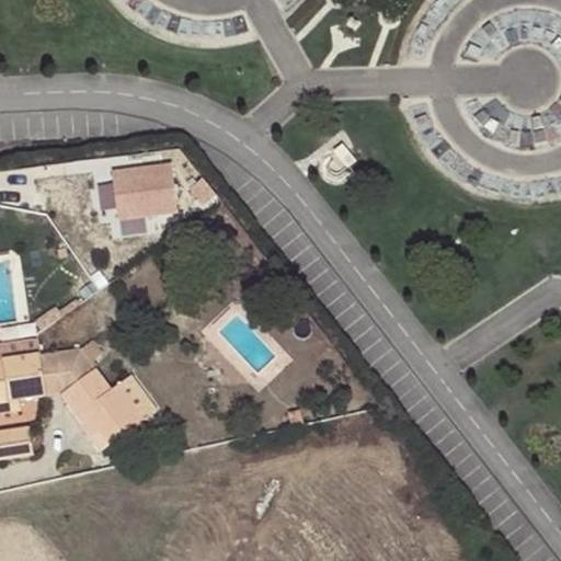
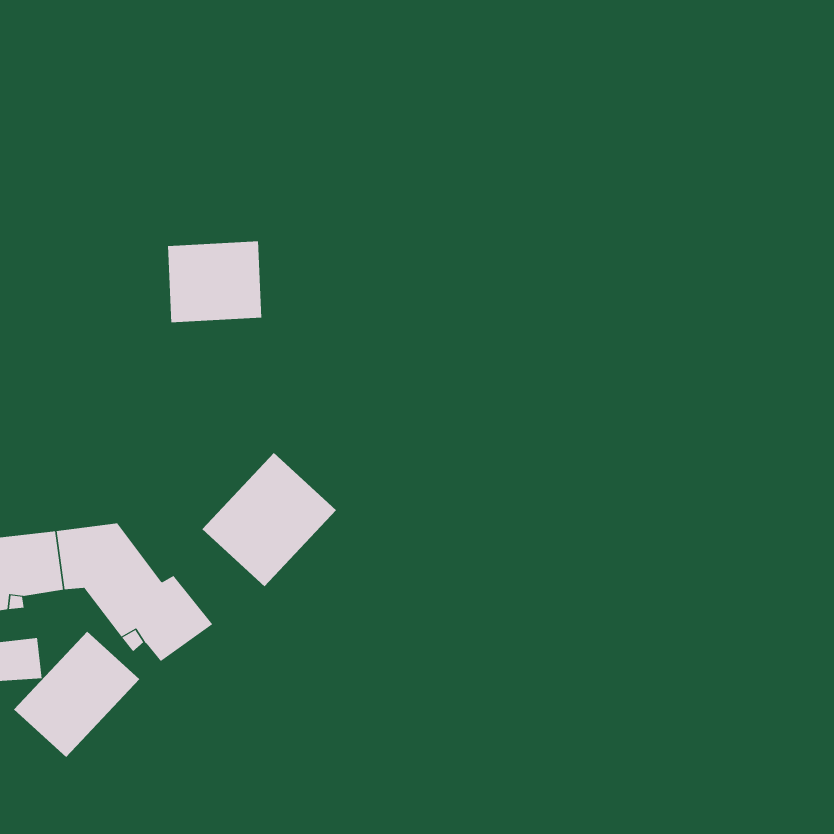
building: none -> [201,452,337,587]
building: none -> [13,631,140,758]

